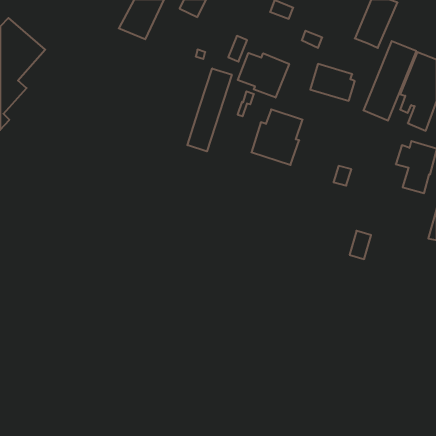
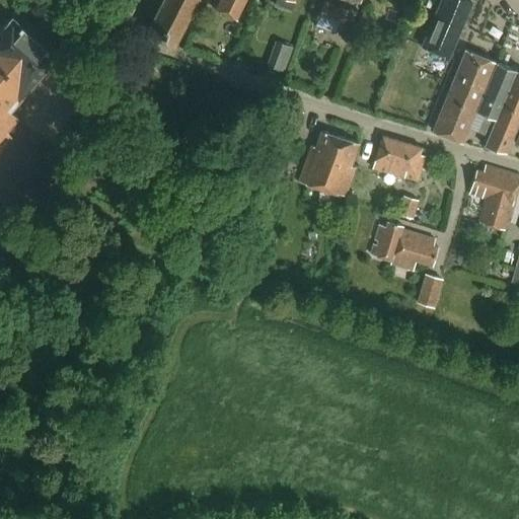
building: [238,53,289,98] -> none
building: [310,64,355,101] -> [372,136,425,179]
building: [187,68,232,151] -> none
building: none -> [371,223,437,270]

